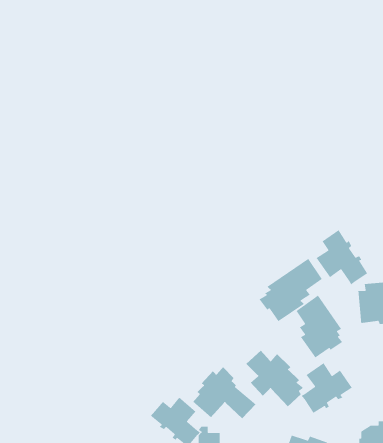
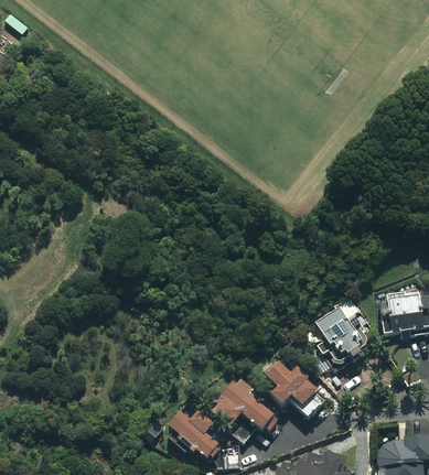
building: [315,229,368,285] -> none
building: [259,258,323,322] -> none
building: [301,362,353,414] -> none

